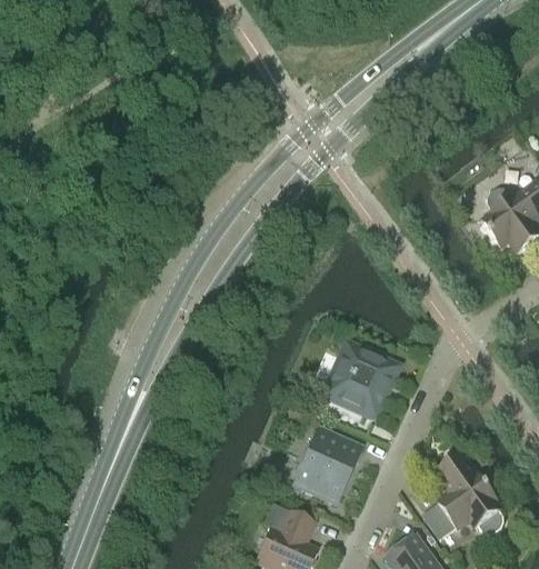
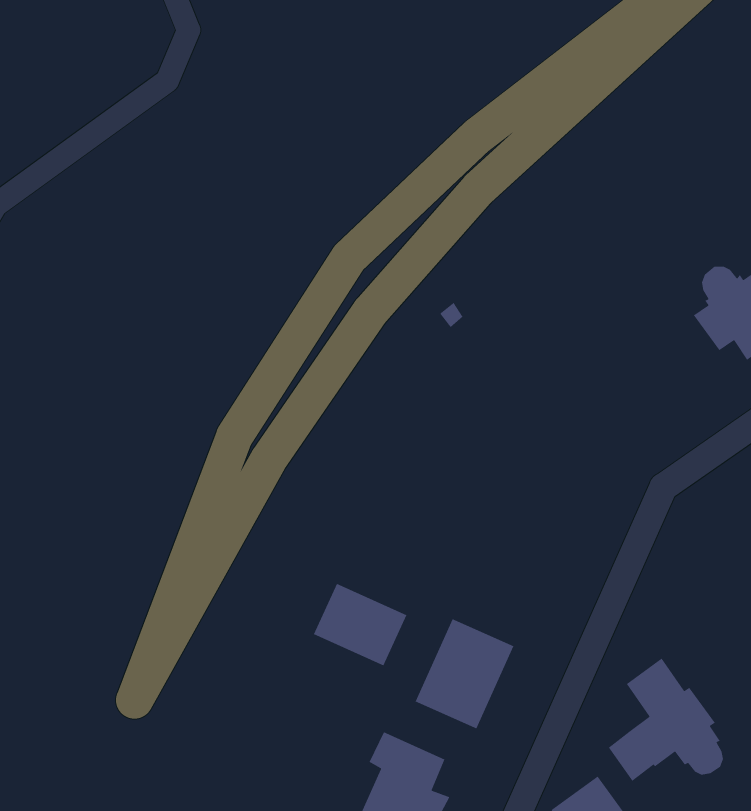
building: [325,343,396,415] -> none
building: none -> [313,583,407,667]

